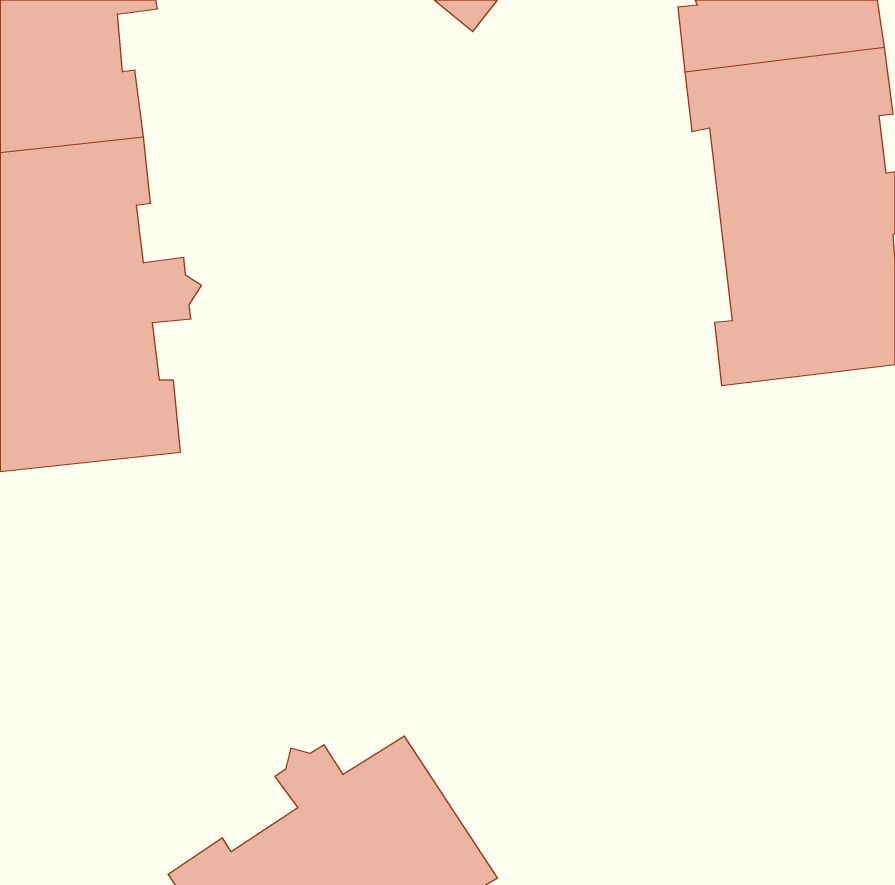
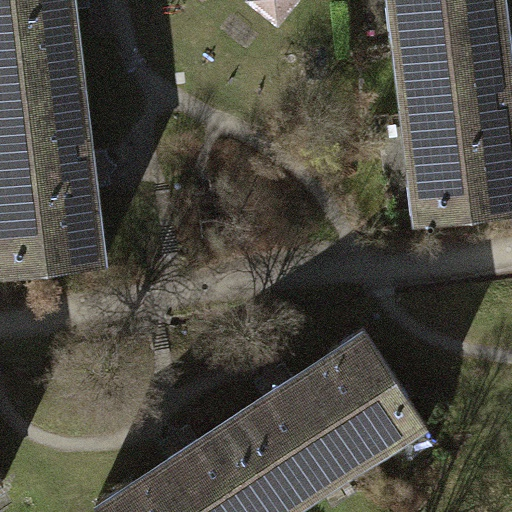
building: none -> [231,331,423,507]

